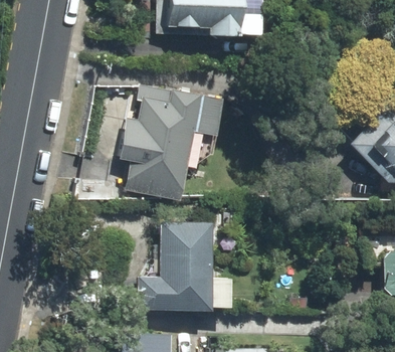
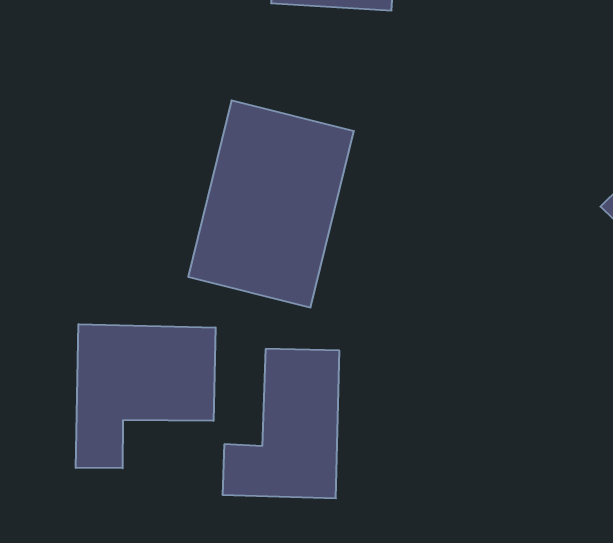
building: none -> [76,324,216,468]

